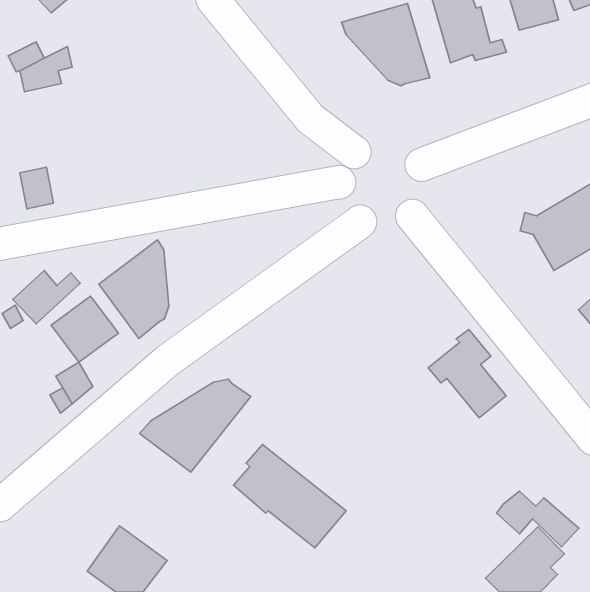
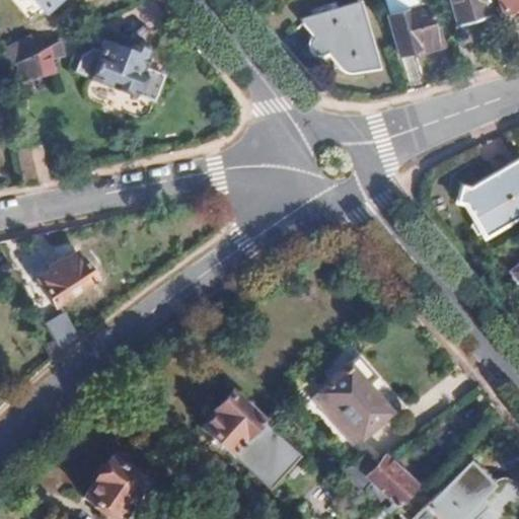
building: none -> [77,45,166,104]
building: [99,240,169,338] -> none
building: [428,330,506,418] -> [315,362,383,439]
building: [140,379,251,472] -> none
building: [496,491,579,547] -> [347,453,419,502]

